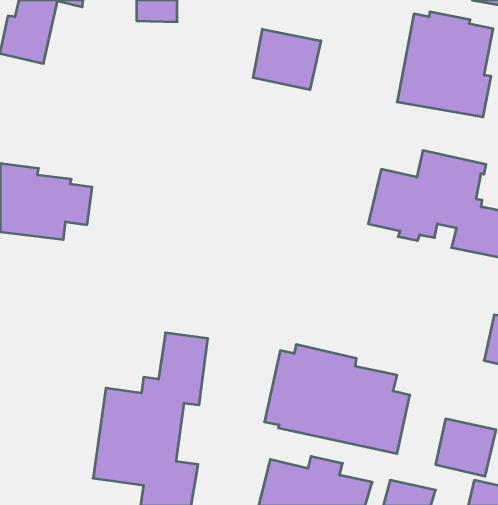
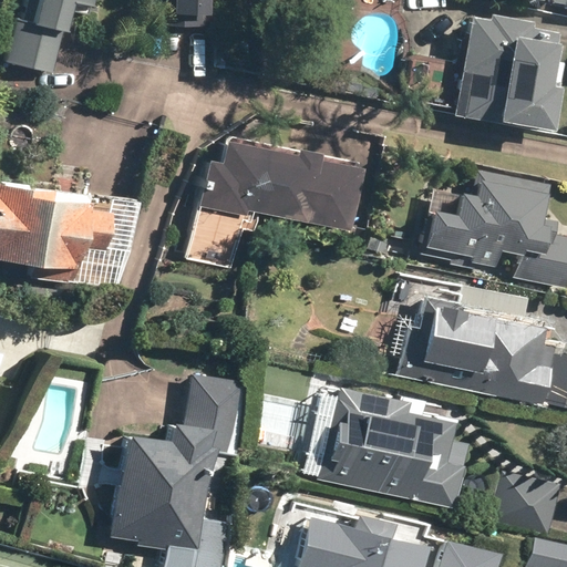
building: [253,29,321,90] -> none
building: none -> [186,136,361,268]
building: none -> [409,299,555,405]

